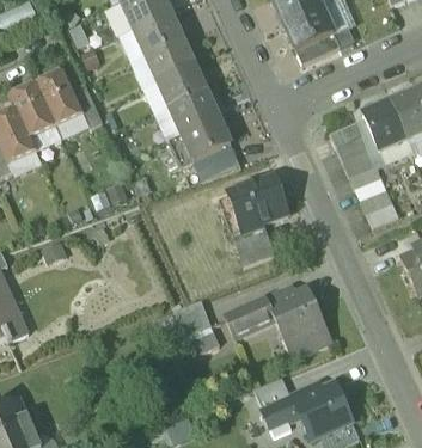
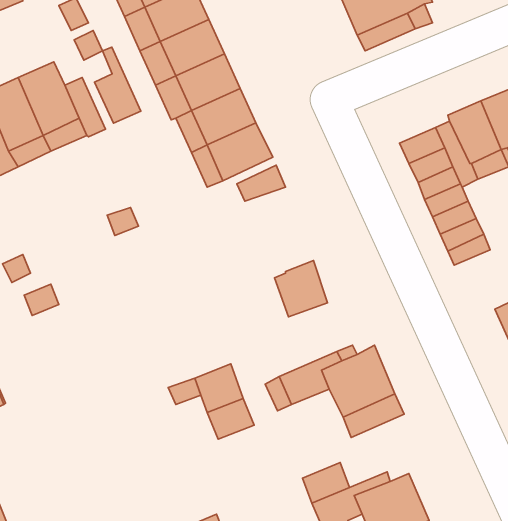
building: none -> [94,47,141,123]
building: [227,173,289,231] -> none

